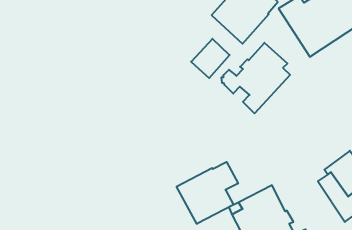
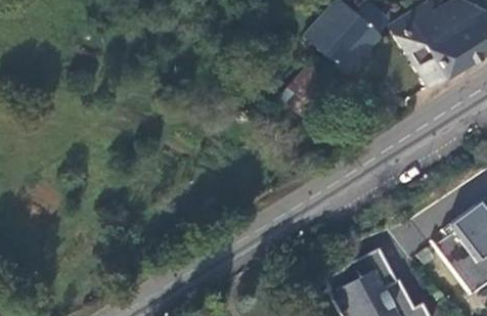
building: [221,43,290,113] -> none
building: [177,162,238,224] -> none

